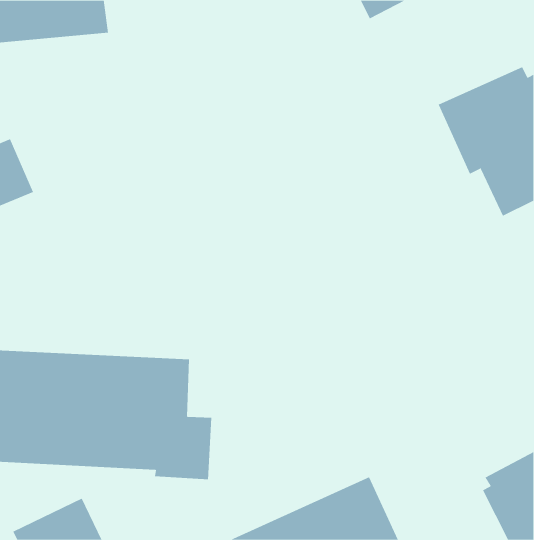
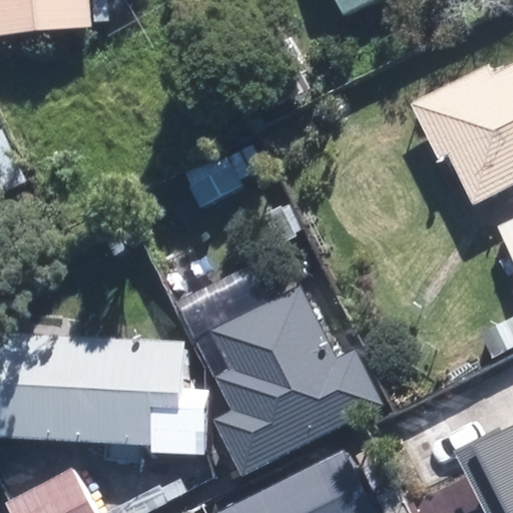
building: none -> [207,289,376,475]

